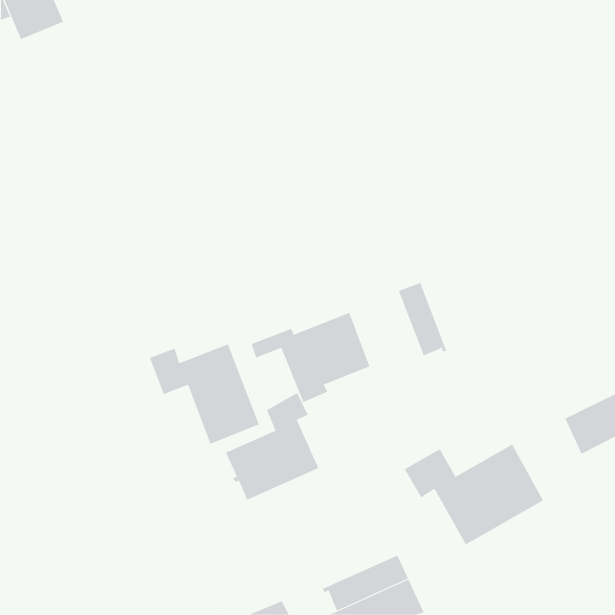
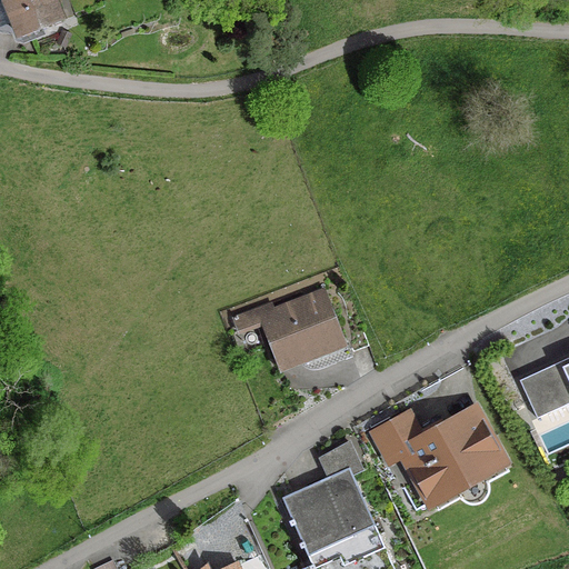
building: [398,282,447,356] -> none
building: [149,344,259,445] -> none
building: [225,392,319,501] -> [281,441,368,541]

